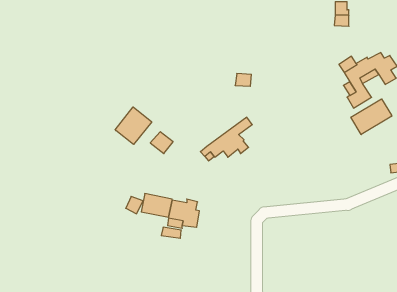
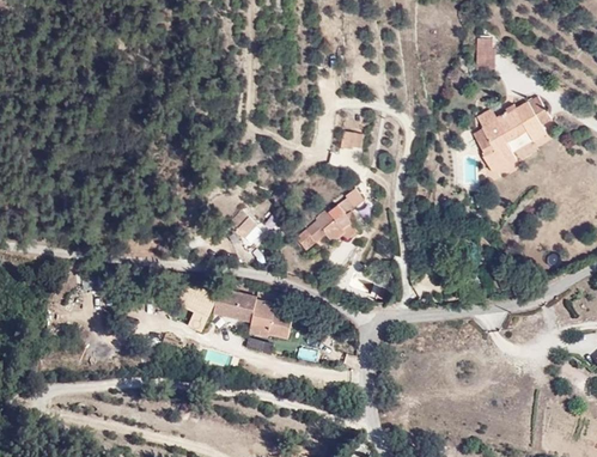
building: [351,99,392,135] -> none
building: [115,107,152,144] -> none

